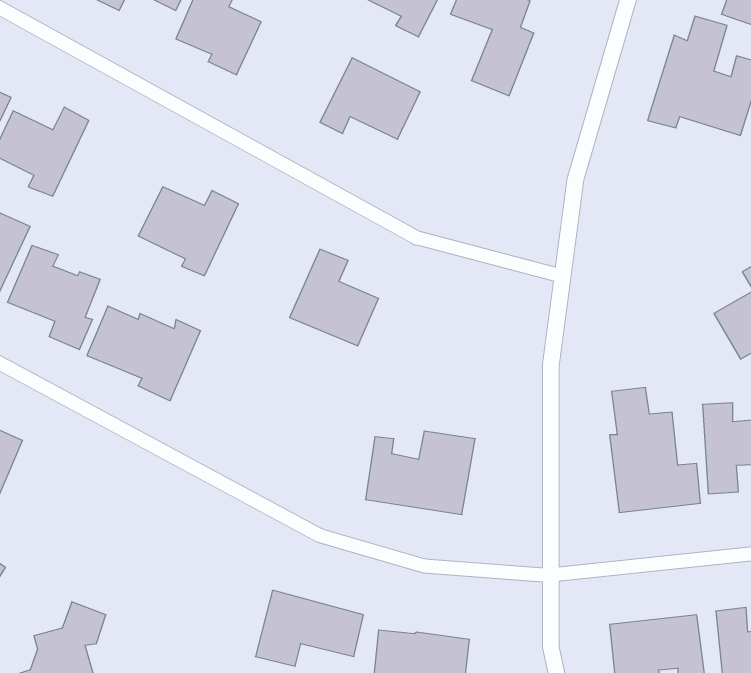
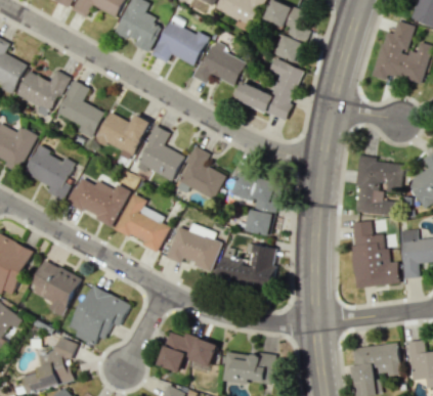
building: none -> [150,19,207,67]
building: none -> [234,59,302,120]
building: none -> [57,80,104,138]
building: none -> [137,126,183,181]
building: none -> [354,158,403,216]
building: none -> [232,172,279,236]
building: none -> [115,193,169,253]
building: none -> [167,225,221,270]
building: none -> [30,260,82,316]
building: none -> [72,285,130,346]

